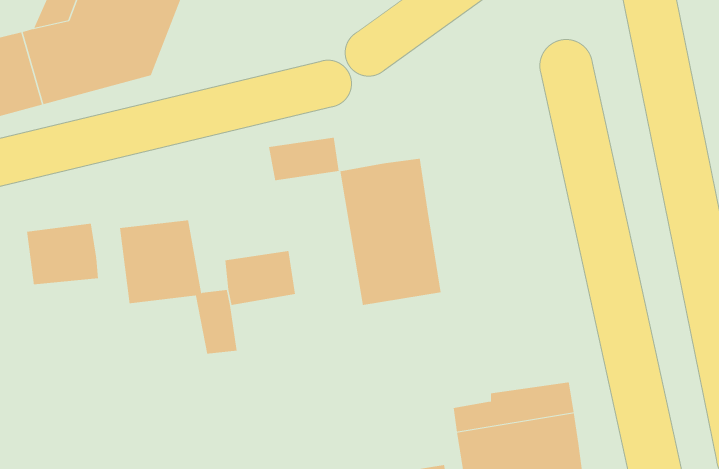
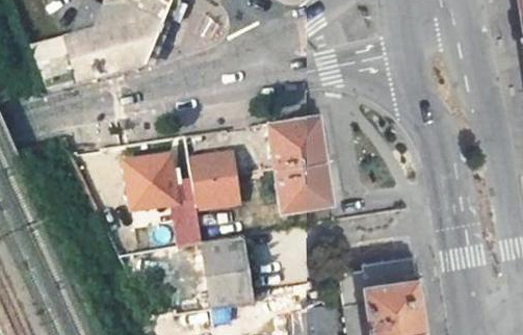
building: [268,137,339,181] -> [188,153,234,181]
building: [26,223,99,285] -> none
building: none -> [201,236,253,309]

